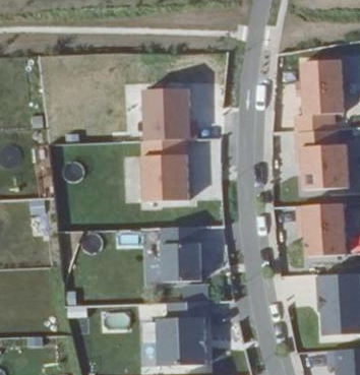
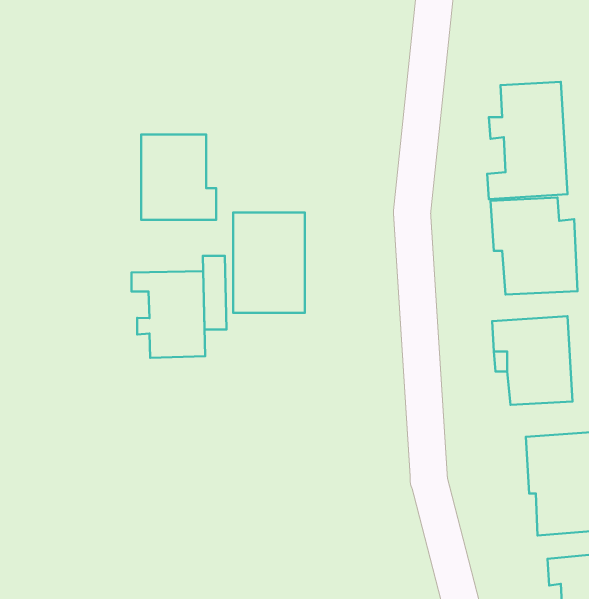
building: [151,82,196,134] -> [141,135,216,220]
building: none -> [131,271,205,358]
building: [166,240,204,278] -> none
building: [163,296,214,360] -> none

